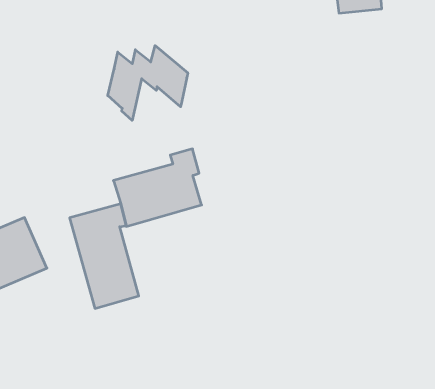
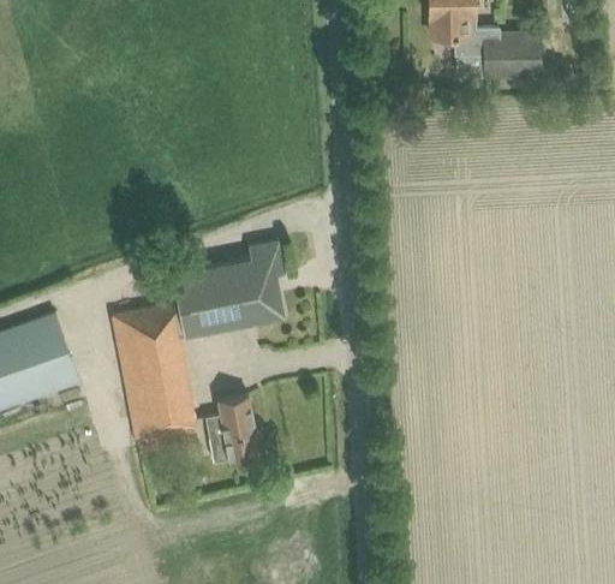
building: [108,46,188,120] -> none
building: none -> [207,397,259,461]

